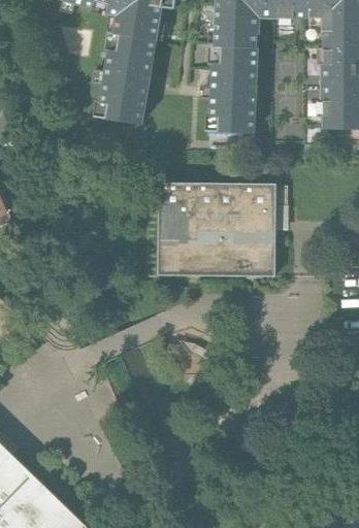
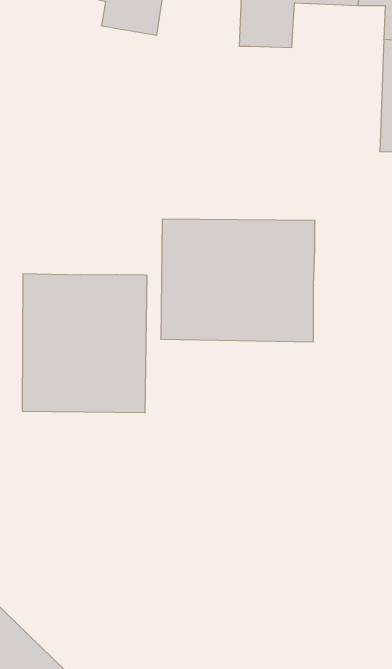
building: [97,34,154,126] -> none
building: [210,50,257,135] -> none
building: none -> [23,274,147,413]

